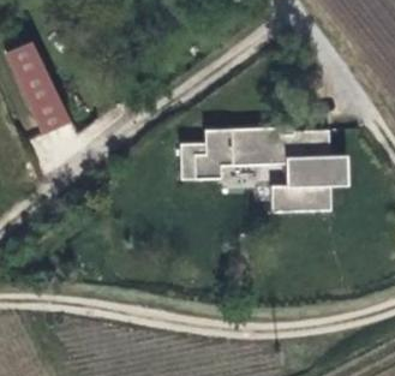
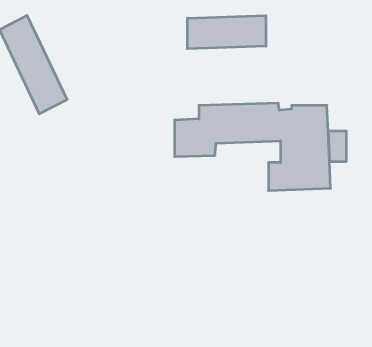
building: none -> [187,16,266,49]

